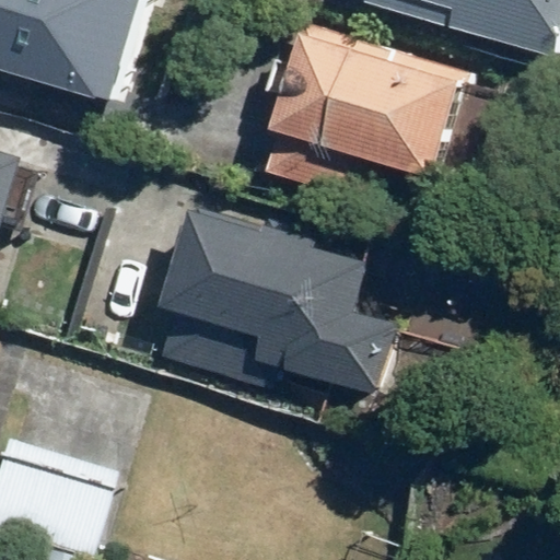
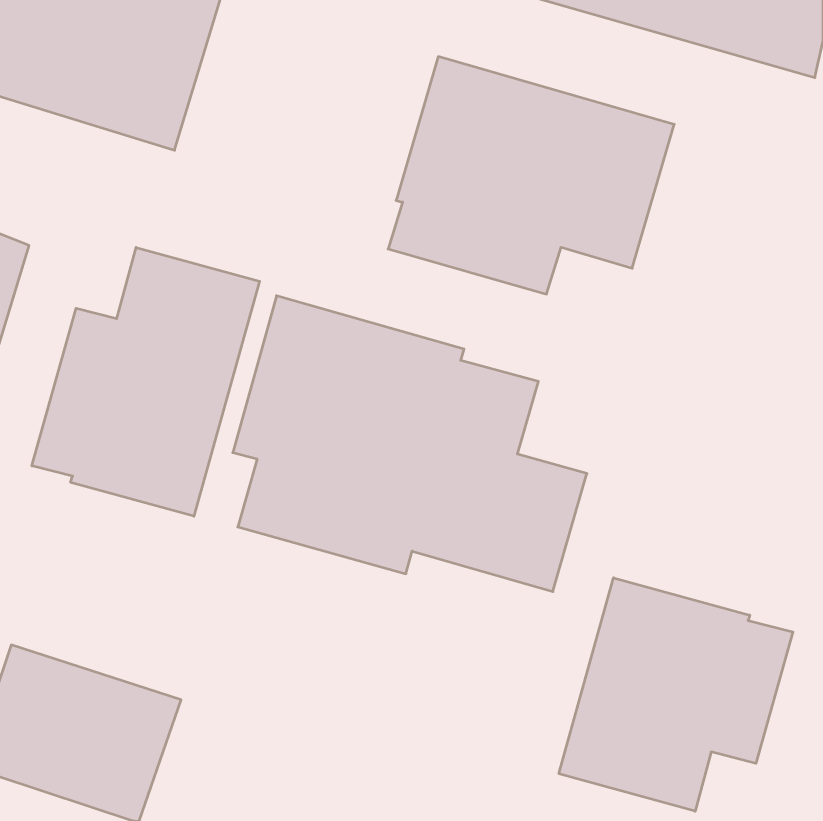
building: none -> [32,247,260,516]
building: none -> [559,578,793,811]

